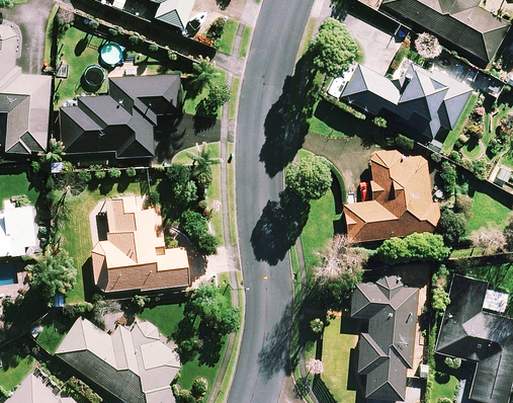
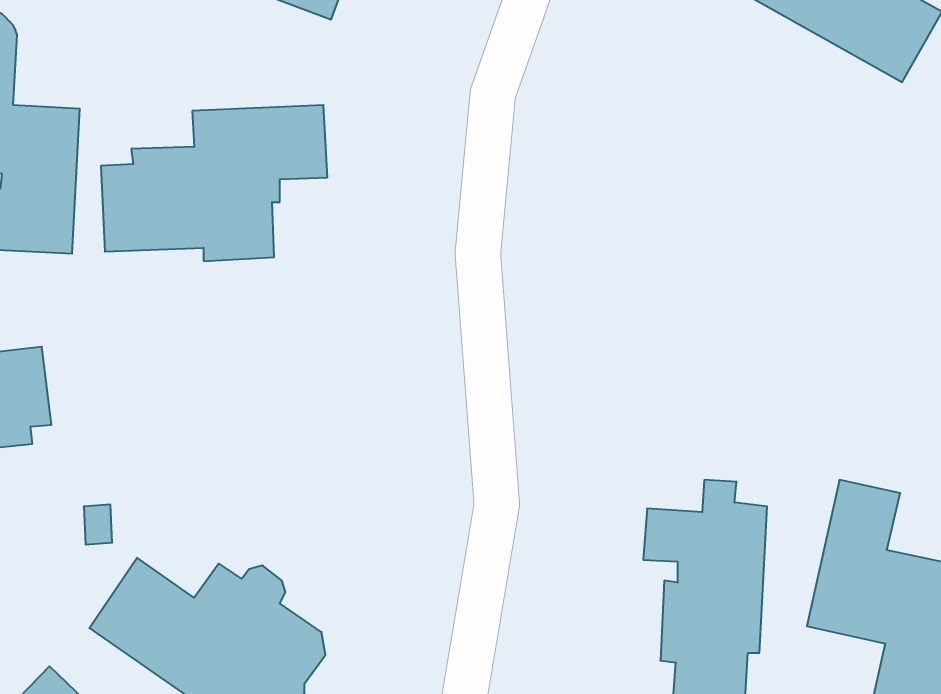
building: [343,64,472,138] -> none
building: [344,149,439,241] -> none
building: [88,196,187,291] -> none

